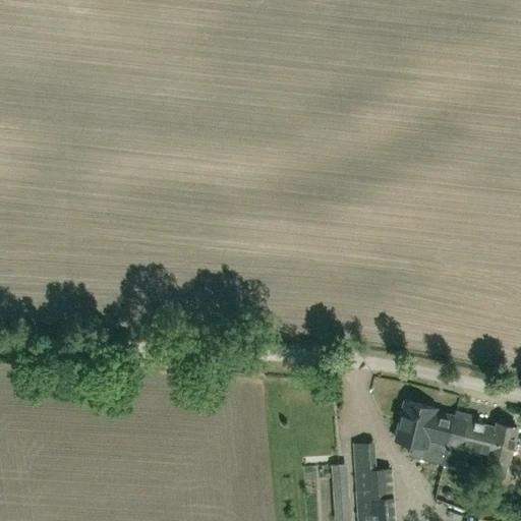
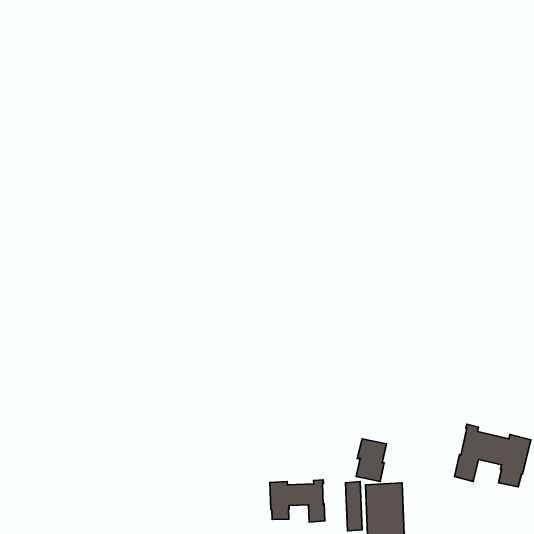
building: [395,401,454,448] -> none
building: none -> [270,480,325,522]

